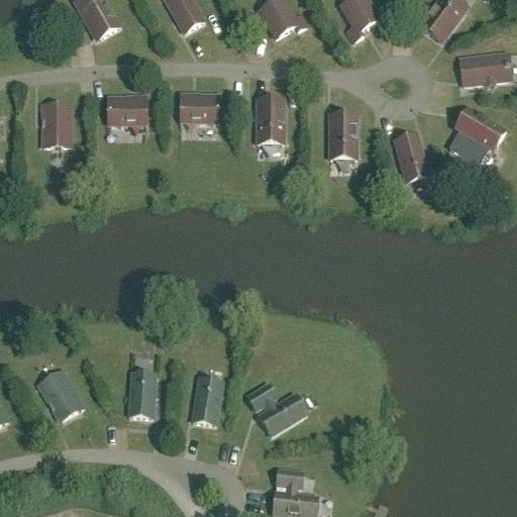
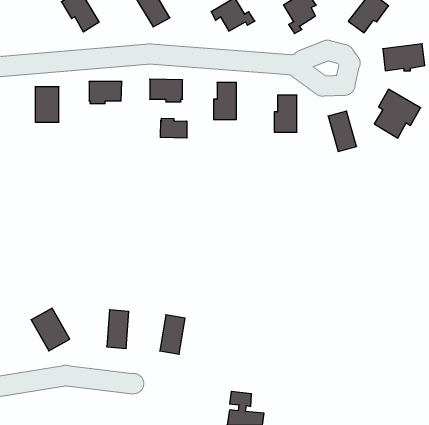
building: none -> [160,118,187,138]
building: [246,384,306,435] -> none

